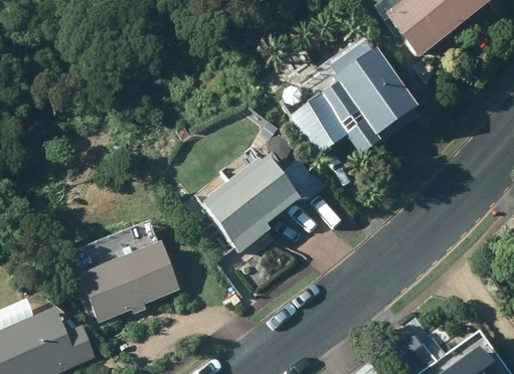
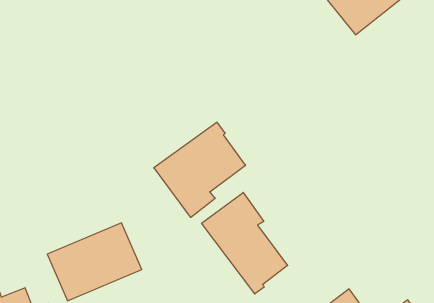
building: [289,36,417,155] -> none
building: none -> [202,192,288,294]

